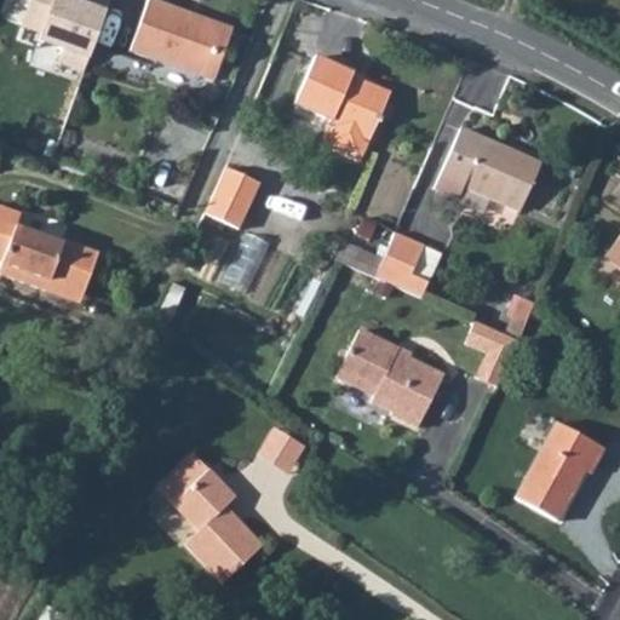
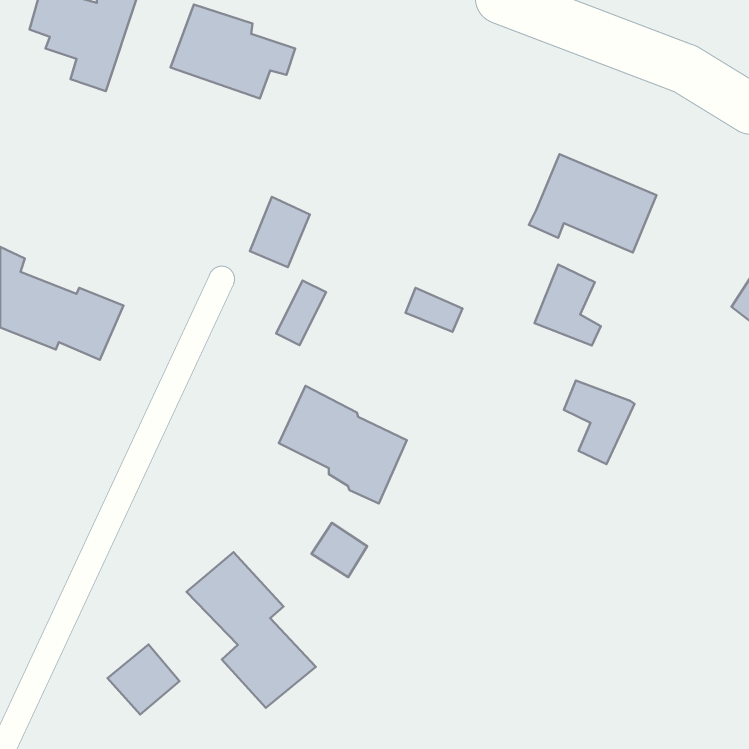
building: [295,50,391,154] -> none
building: [380,228,435,294] -> [535,265,601,345]
building: [339,333,444,430] -> [279,386,407,503]
building: [511,430,599,528] -> none
building: none -> [108,645,180,715]

